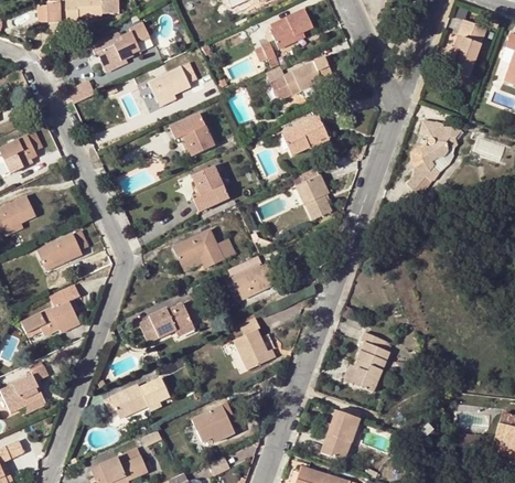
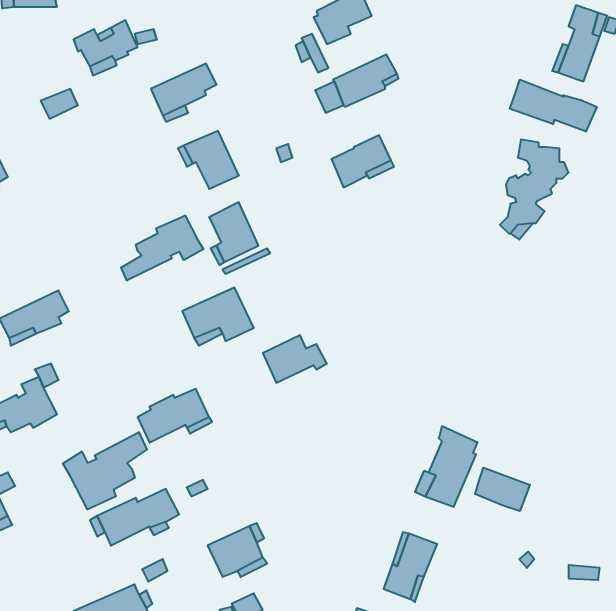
building: none -> [510,80,597,132]
building: [296,167,331,219] -> none
building: none -> [121,215,203,281]
building: [229,318,276,369] -> none
building: none -> [63,432,147,509]
building: none -> [475,468,530,511]

